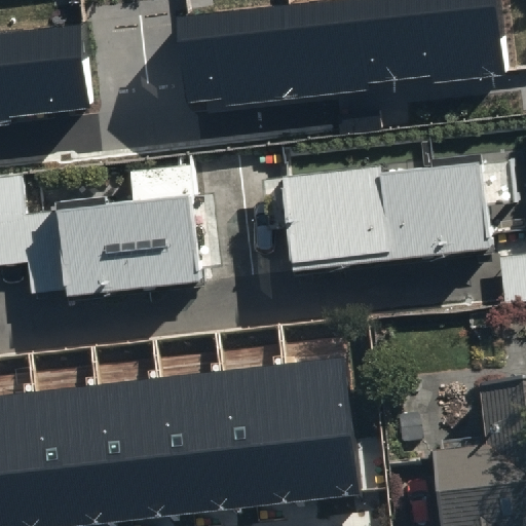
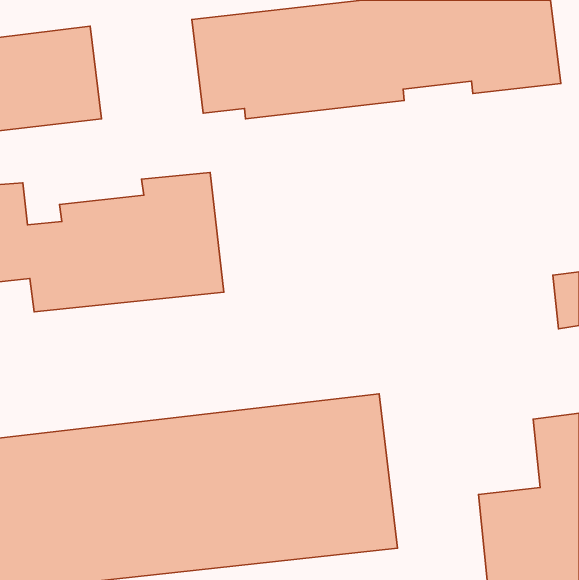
building: [280,142,517,253] -> none

